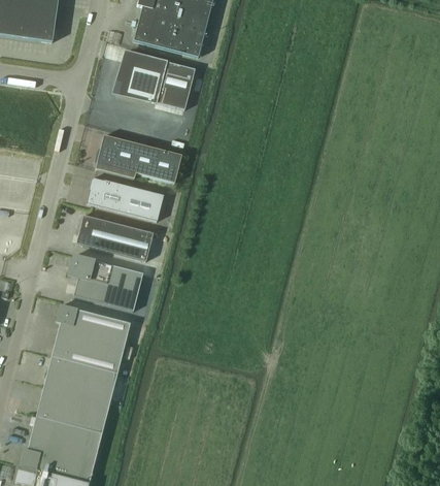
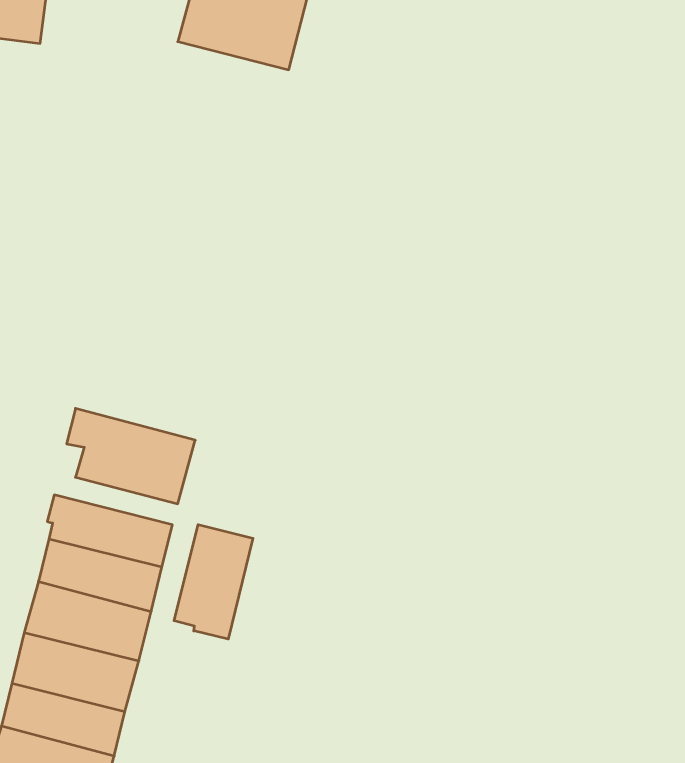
building: [115,51,195,108] -> none
building: [95,134,181,182] -> none
building: [87,176,164,220] -> none
building: [76,214,154,260] -> none
building: none -> [174,525,253,639]

